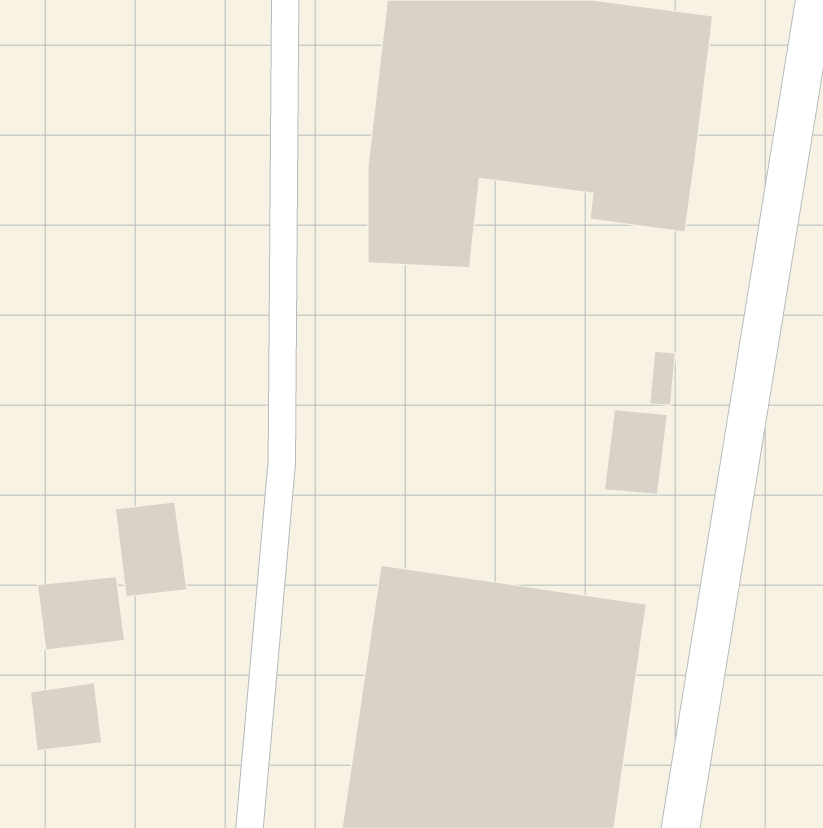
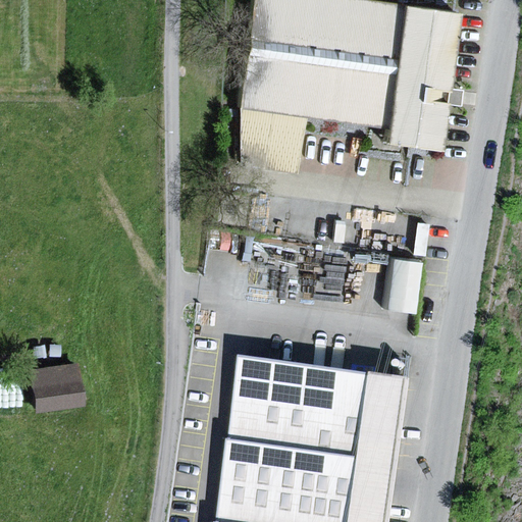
building: [115,502,187,597] -> none
building: [30,683,102,751] -> none

